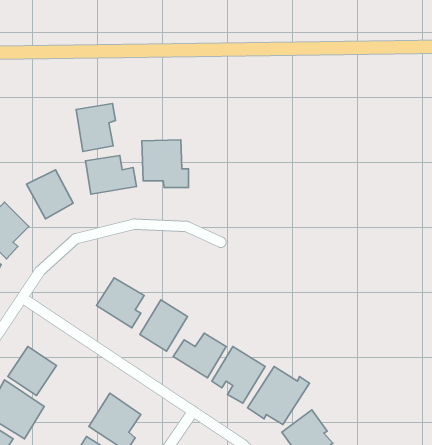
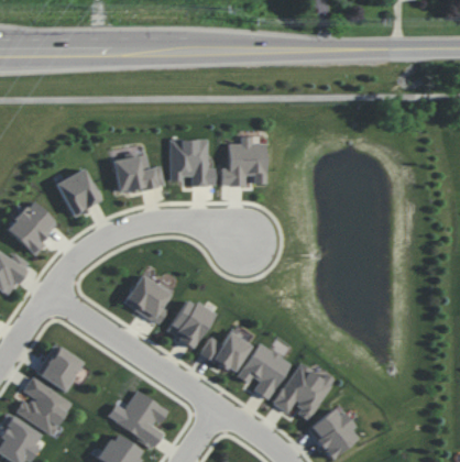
building: [76,104,116,152] -> none
building: none -> [221,136,266,186]

